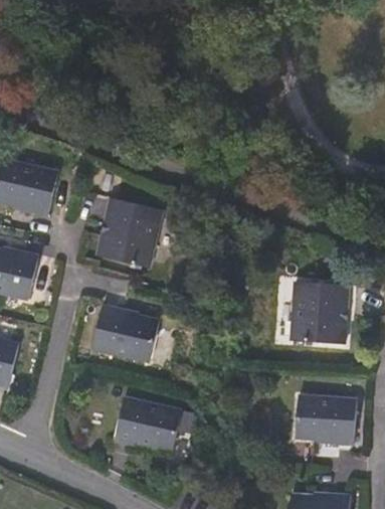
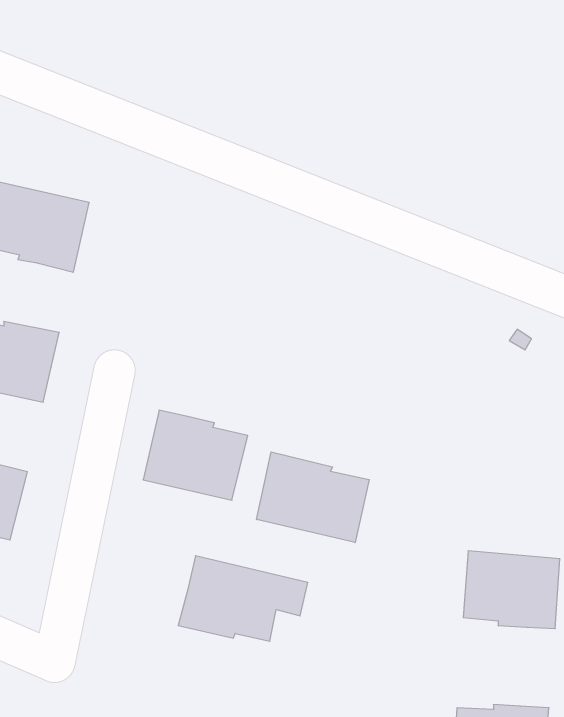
building: [98,198,163,268] -> none
building: [292,282,349,345] -> none
building: none -> [257,452,369,543]

